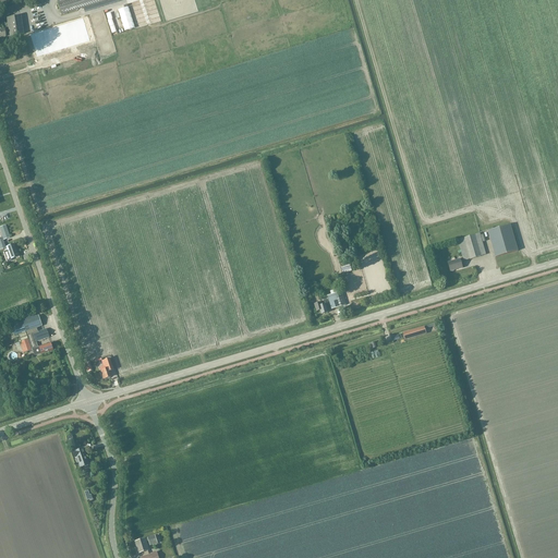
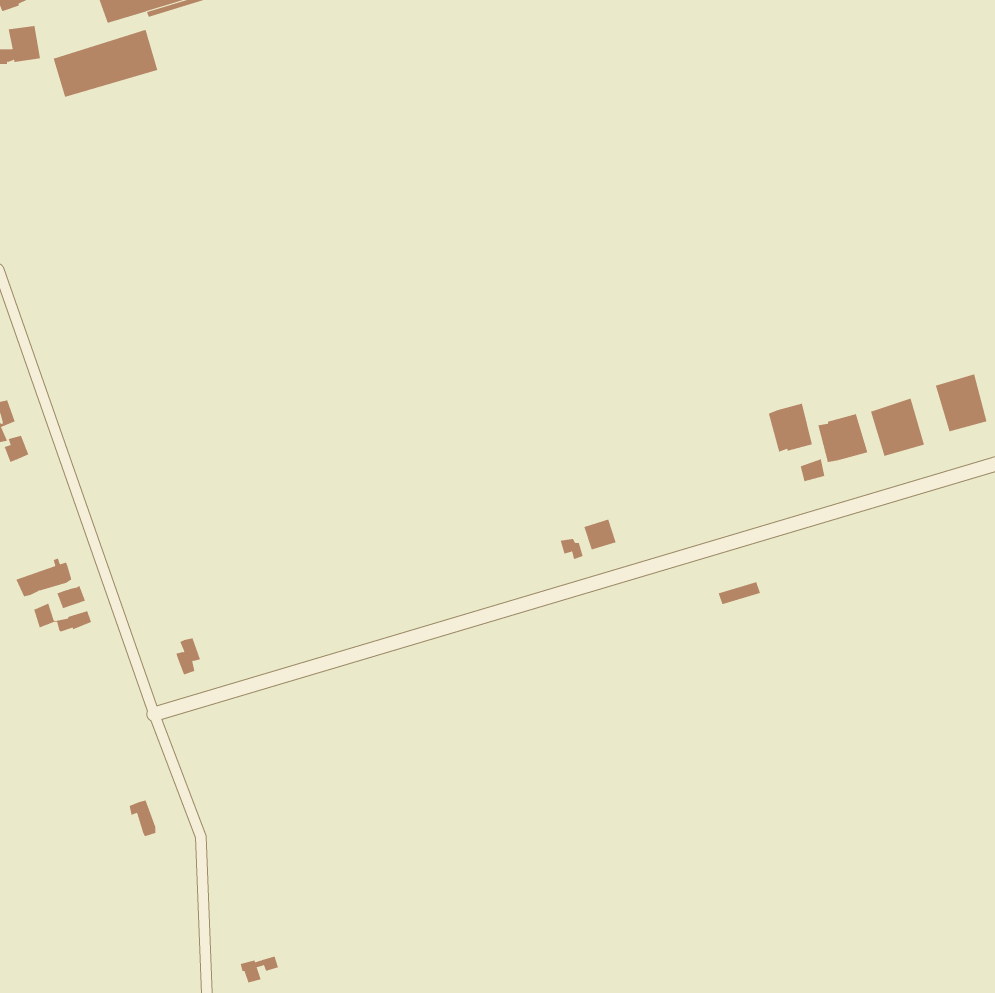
building: none -> [935,374,987,432]
building: none -> [768,403,812,452]

